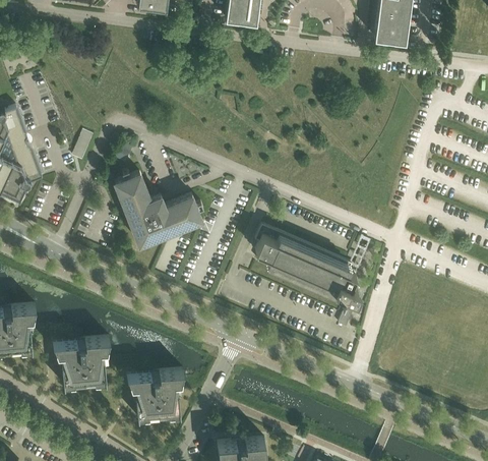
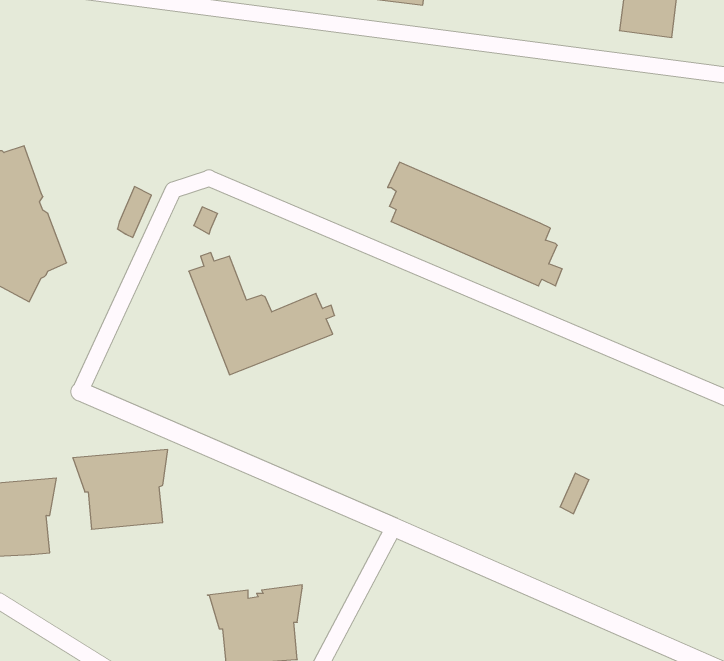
building: [254,224,359,298] -> [388,162,562,286]
building: [52,338,109,386] -> [73,450,168,529]

